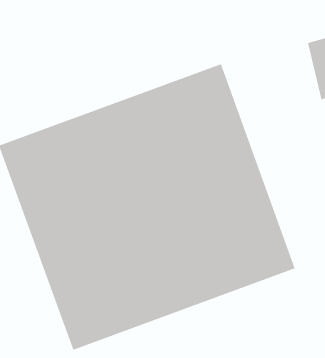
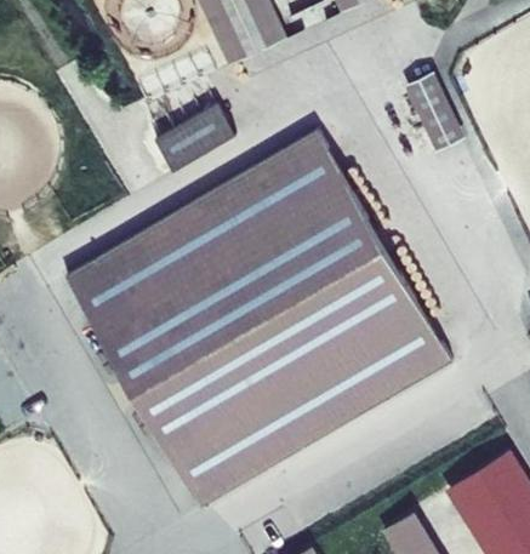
building: none -> [150,104,232,172]

